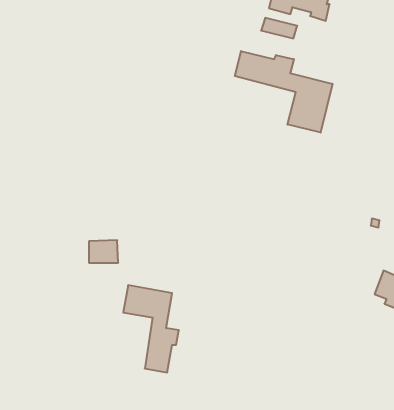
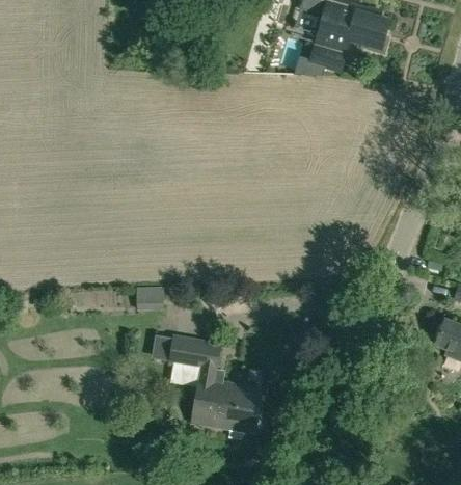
building: [235,51,332,133] -> none
building: none -> [214,382,259,433]

